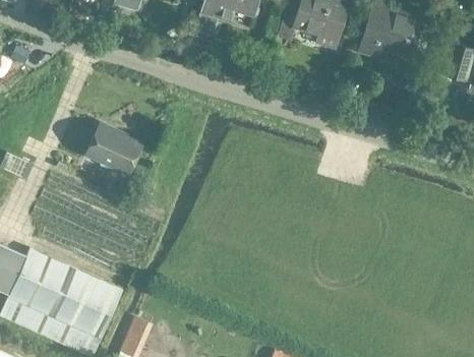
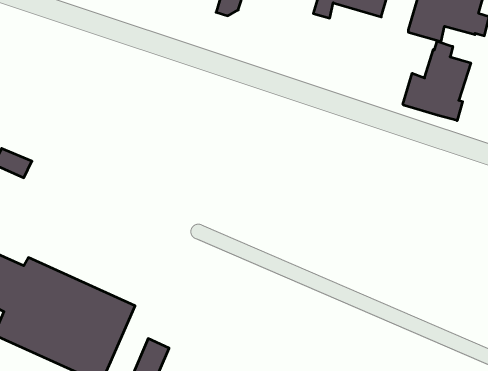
building: none -> [403,41,471,121]
building: [85,123,141,175] -> none

